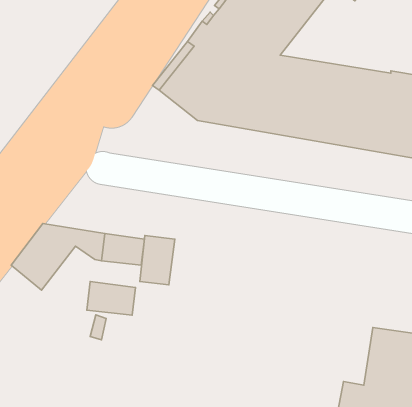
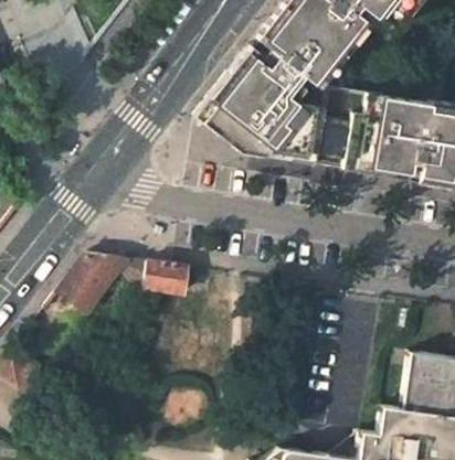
building: [140,235,175,285] -> none
building: [87,281,135,315] -> none

